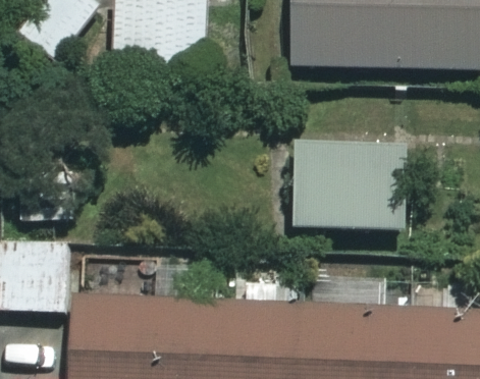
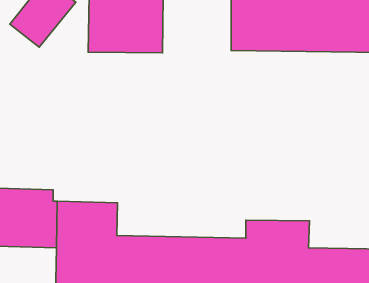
building: [261,139,408,230] -> none

